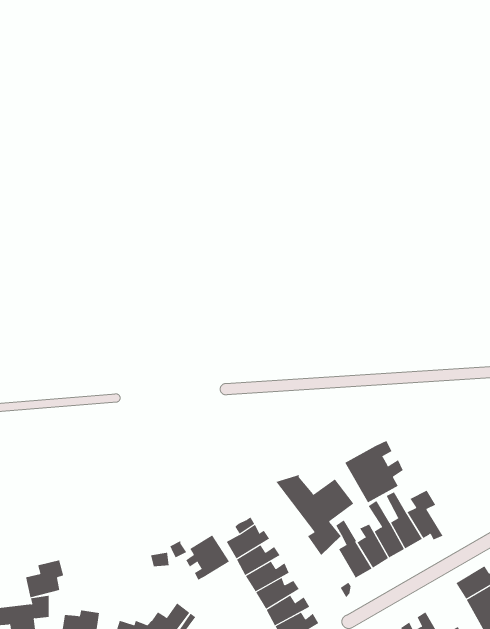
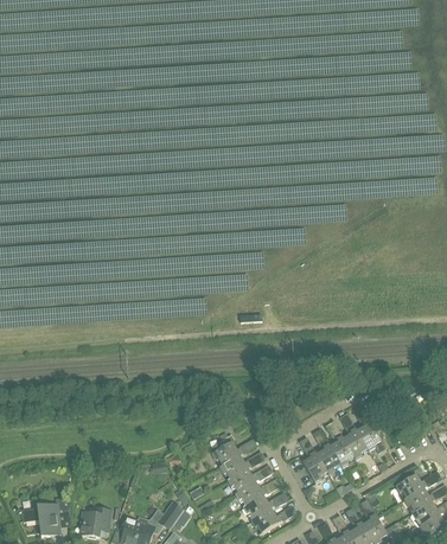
building: [344,440,404,503] -> none
building: [275,474,354,556] -> none
building: [186,534,230,580] -> none
building: [26,560,64,598] -> none

